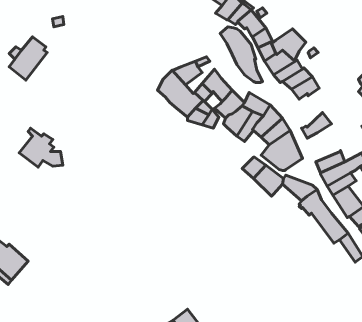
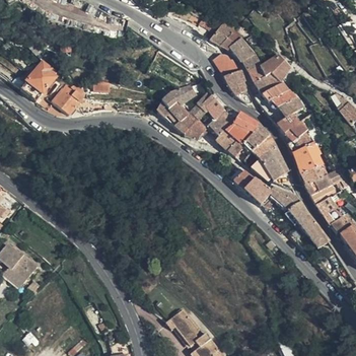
building: none -> [276,113,307,143]
building: none -> [292,140,322,174]
building: [19,128,63,167] -> [53,78,92,114]

